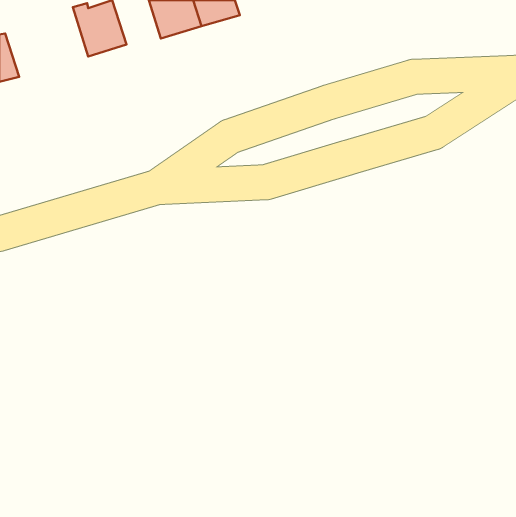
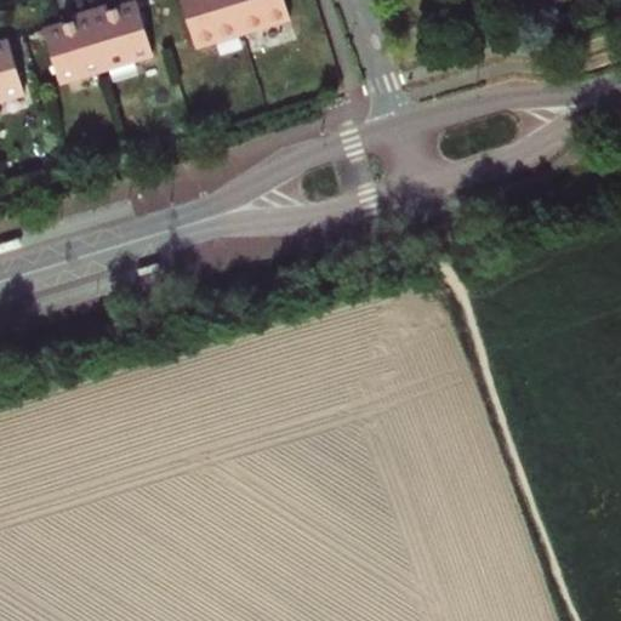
building: none -> [42,8,106,81]

